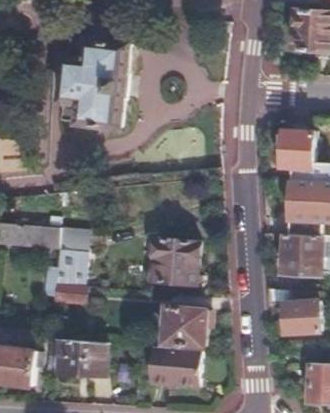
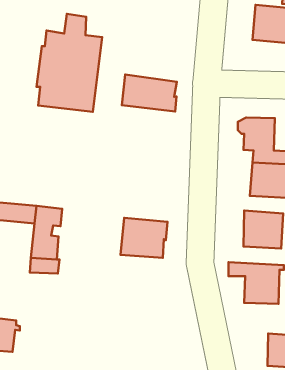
building: none -> [122,75,177,112]
building: [160,305,206,345] -> none
building: [57,339,105,378] -> none
building: [147,347,202,387] -> none

